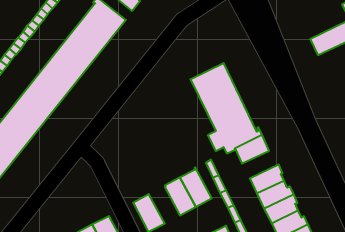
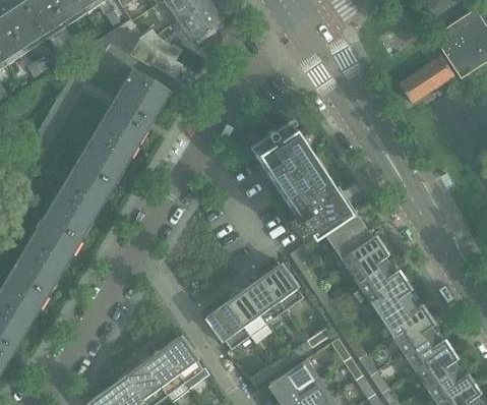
building: none -> [334,230,380,268]
building: none -> [225,291,266,337]

